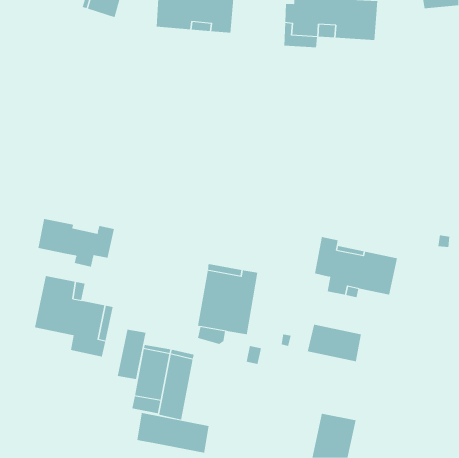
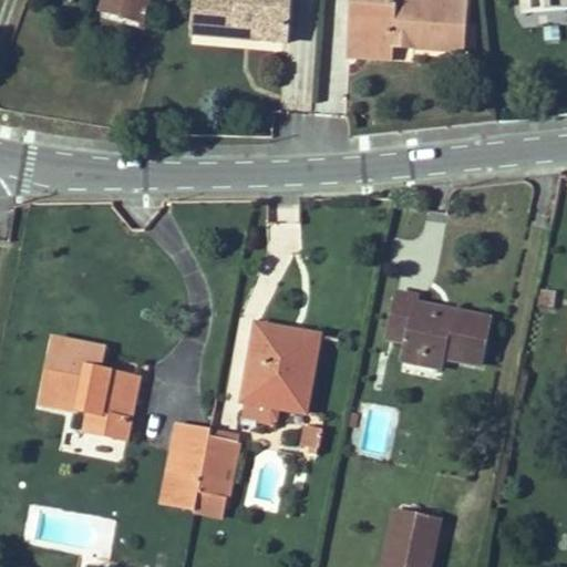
building: [38,218,114,267] -> none
building: [307,324,362,362] -> none
building: [117,329,146,380] -> none
building: [137,412,209,454] -> none

